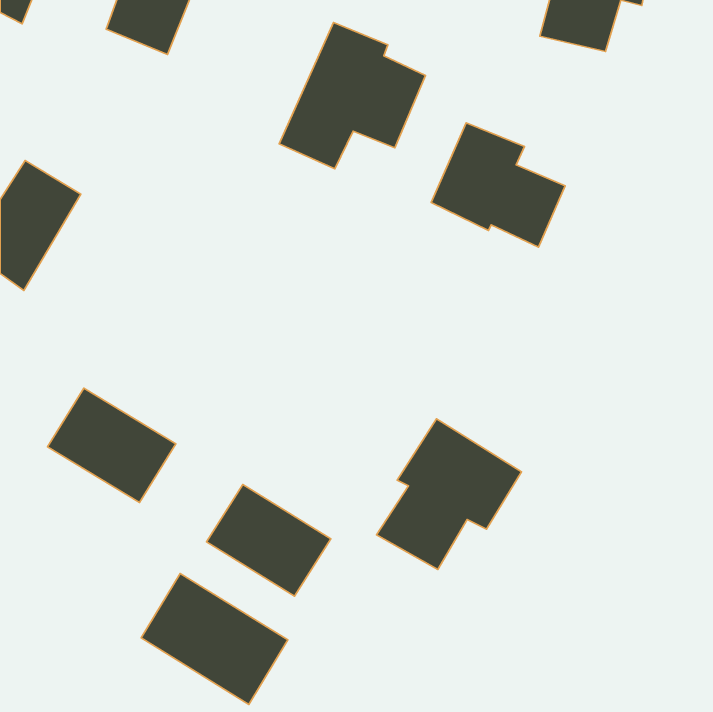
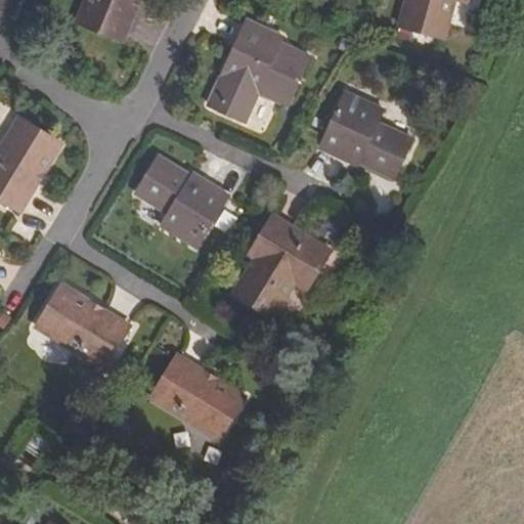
building: none -> [133,155,227,246]
building: [376,419,521,570] -> [227,211,334,321]
building: [141,573,288,705] -> none

